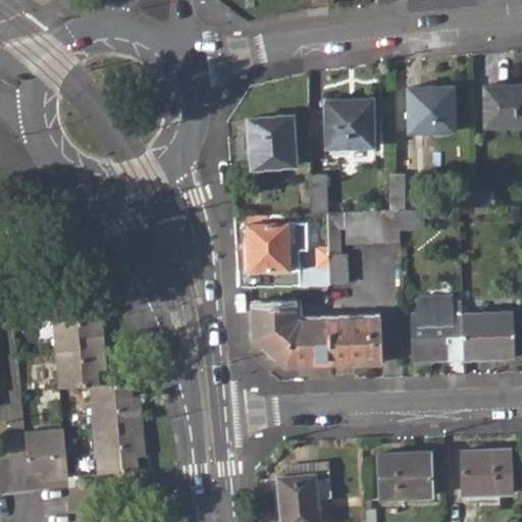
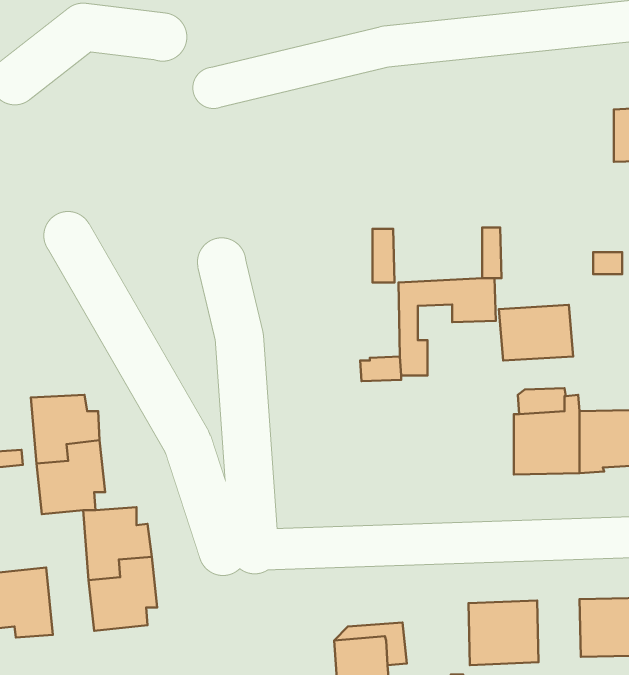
building: [409,88,455,134] -> none
building: [321,102,370,151] -> none
building: [243,120,289,172] -> none
building: [249,219,304,274] -> none
building: none -> [499,305,573,361]
building: [255,307,383,363] -> none

